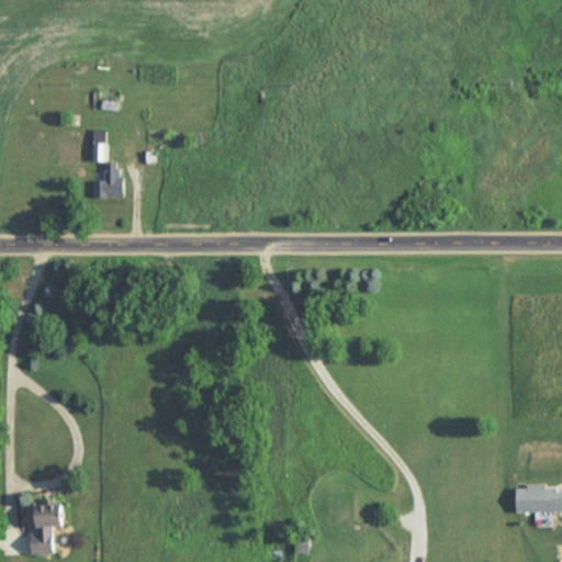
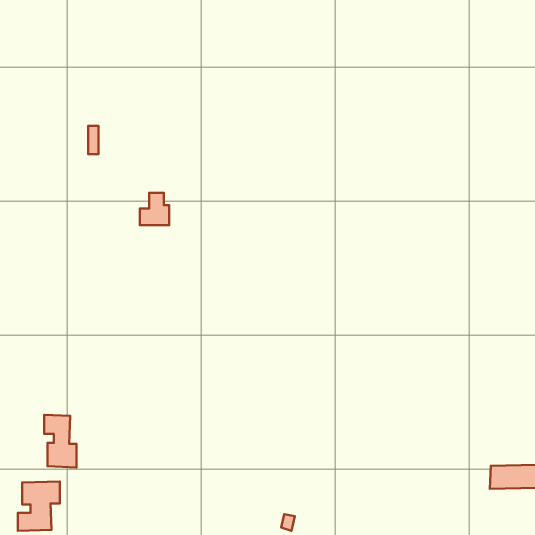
building: [93,164,124,198] -> [140,193,169,225]
building: none -> [44,415,77,467]

